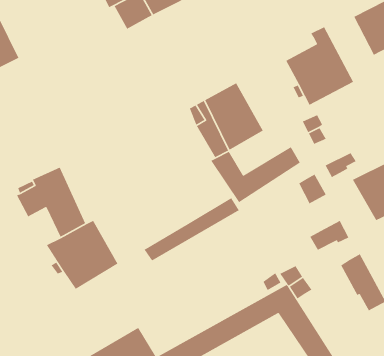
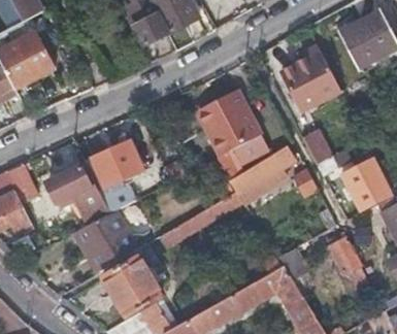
building: none -> [86,141,141,212]
building: none -> [102,255,160,314]

